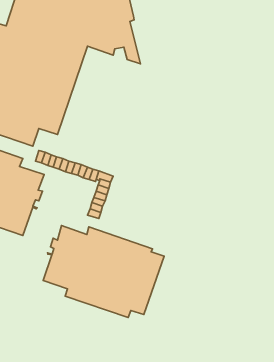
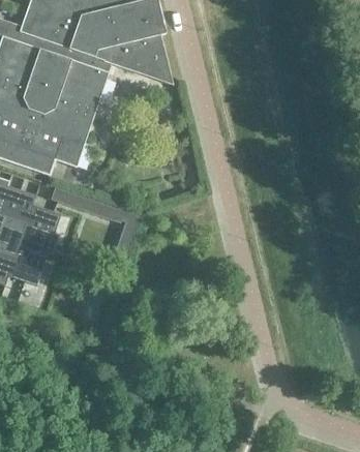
building: [43,225,164,317] -> none

